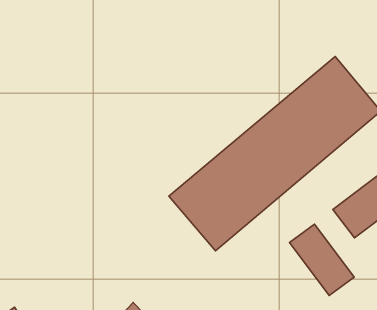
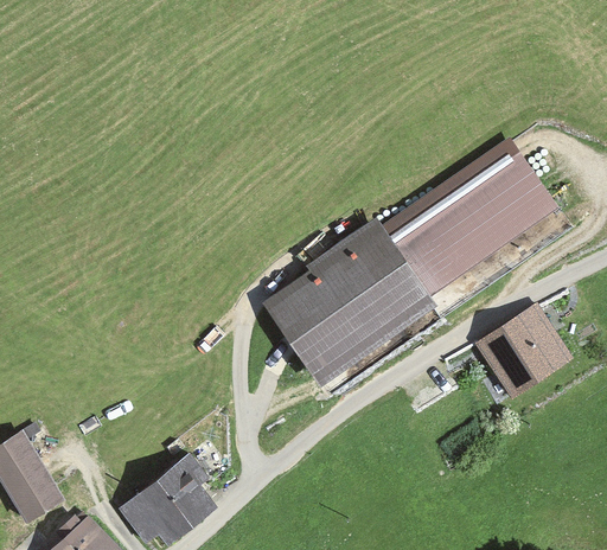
building: [289,224,354,296] -> none

